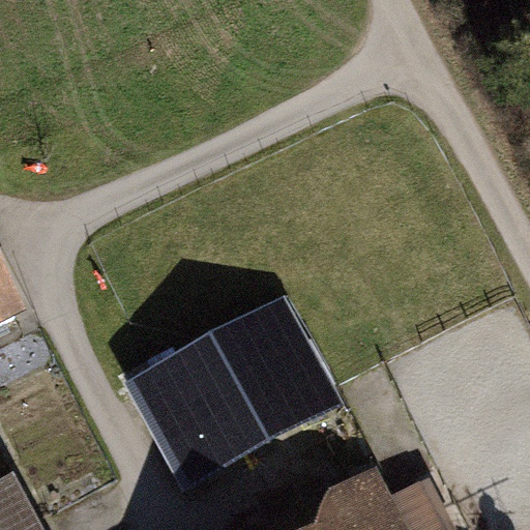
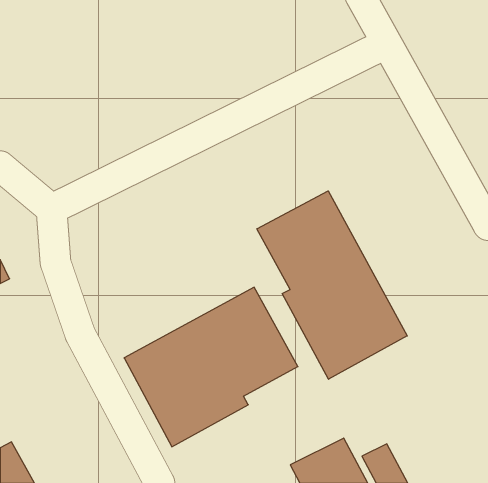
building: none -> [257,191,407,379]

